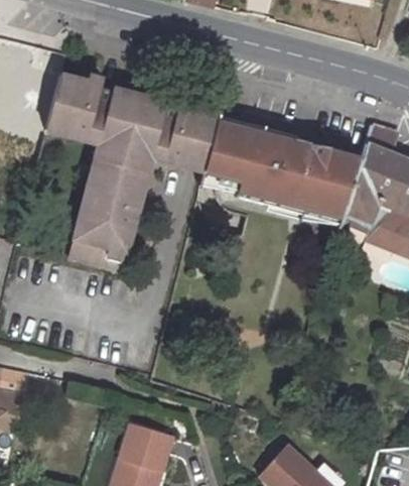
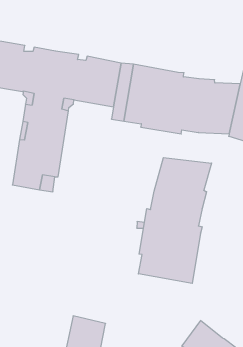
building: none -> [138,158,212,283]

